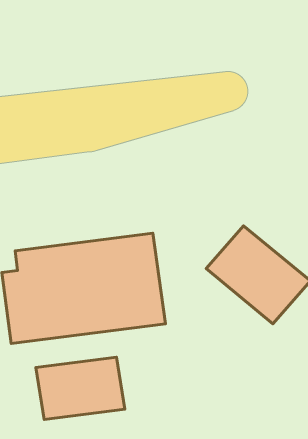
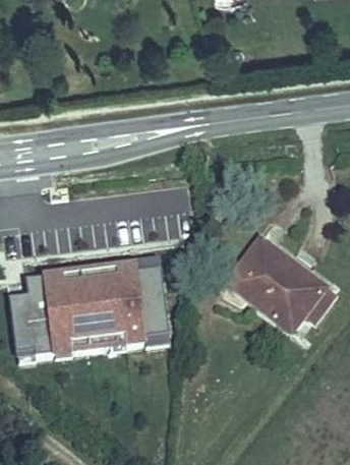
building: [36,357,125,419] -> none

